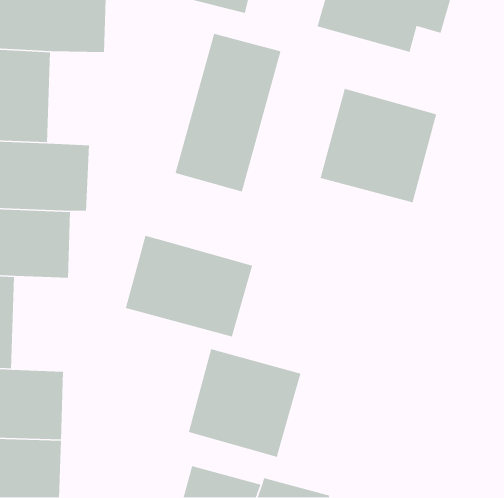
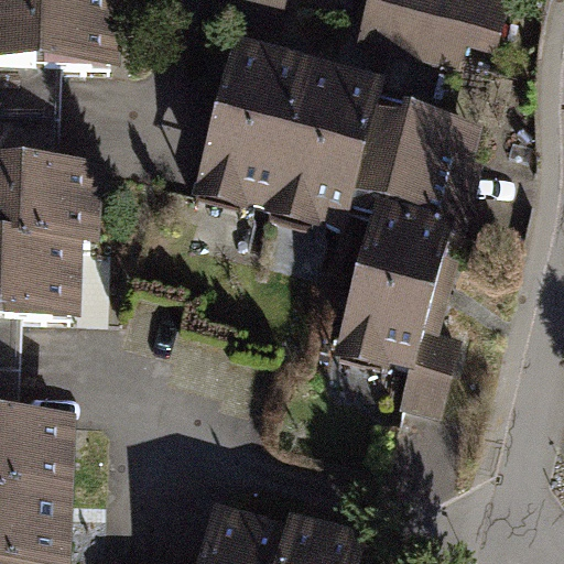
building: none -> [268,56,386,232]
building: none -> [335,204,463,425]
building: [125,235,253,338] -> none
building: [188,348,302,458] -> none

